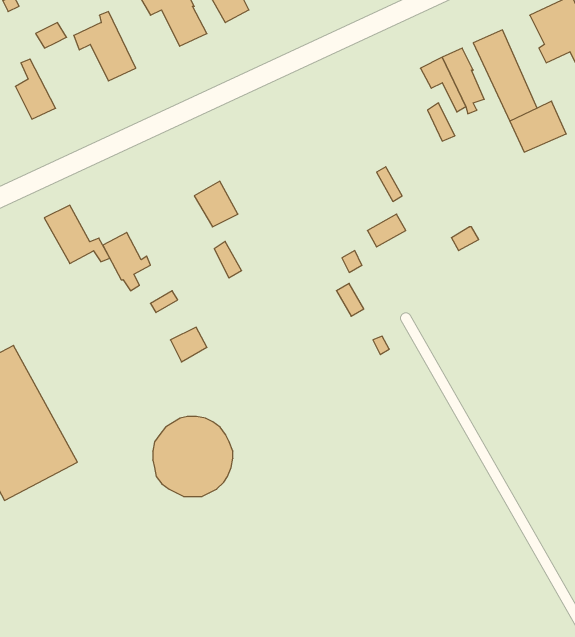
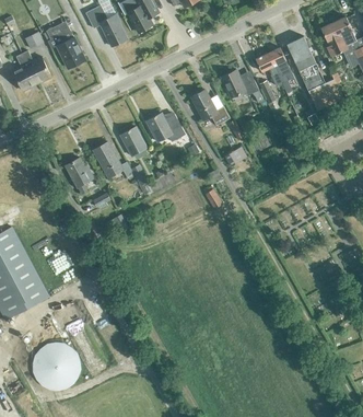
building: none -> [21,50,50,83]
building: none -> [220,69,261,102]
building: none -> [191,90,230,126]
building: none -> [144,113,185,141]
building: [44,205,110,264] -> [92,142,131,177]
building: [153,416,233,497] -> [32,340,80,389]

